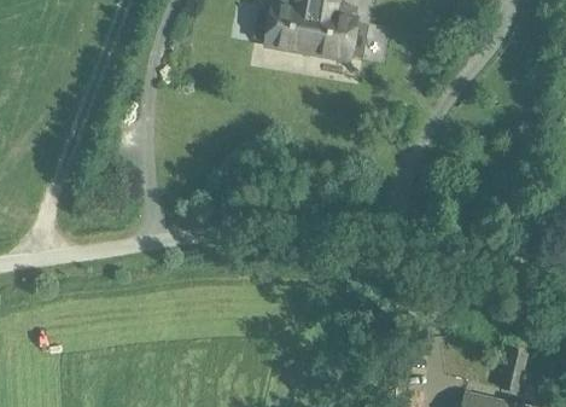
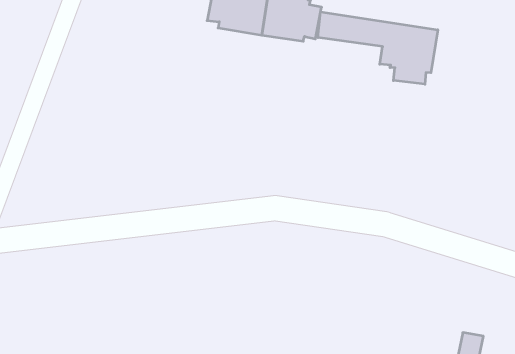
building: none -> [318,12,438,84]

